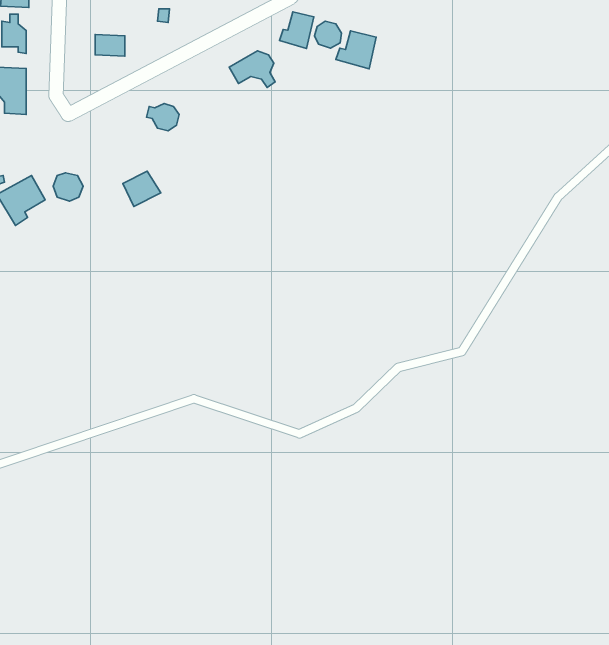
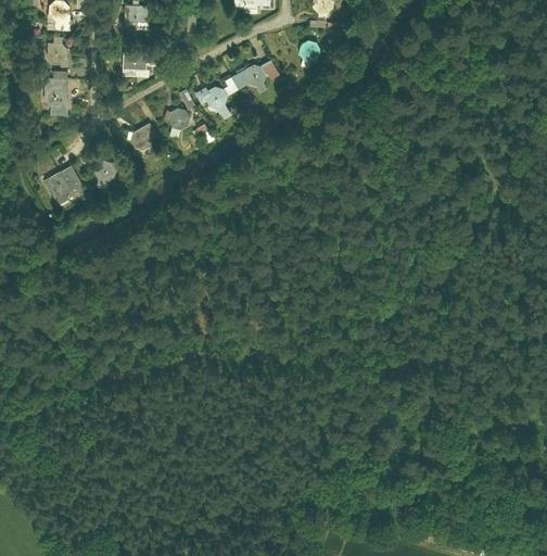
building: [279,12,314,48] -> none
building: [336,31,376,69] -> none
building: none -> [194,86,227,109]
building: [123,171,161,206] -> [130,123,161,151]

